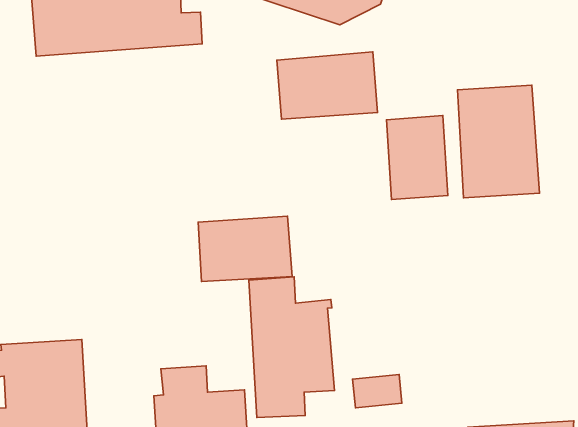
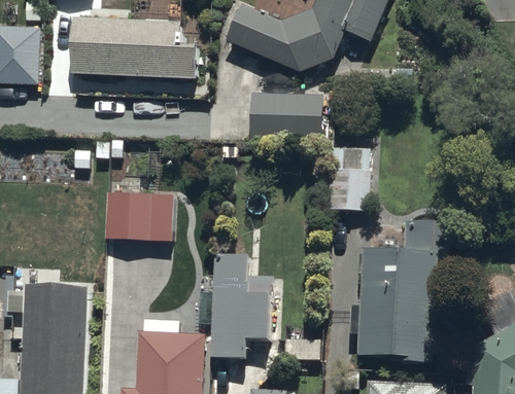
building: [458,85,539,198] -> none
building: none -> [358,221,448,363]
building: [198,216,292,281] -> [103,192,172,240]

